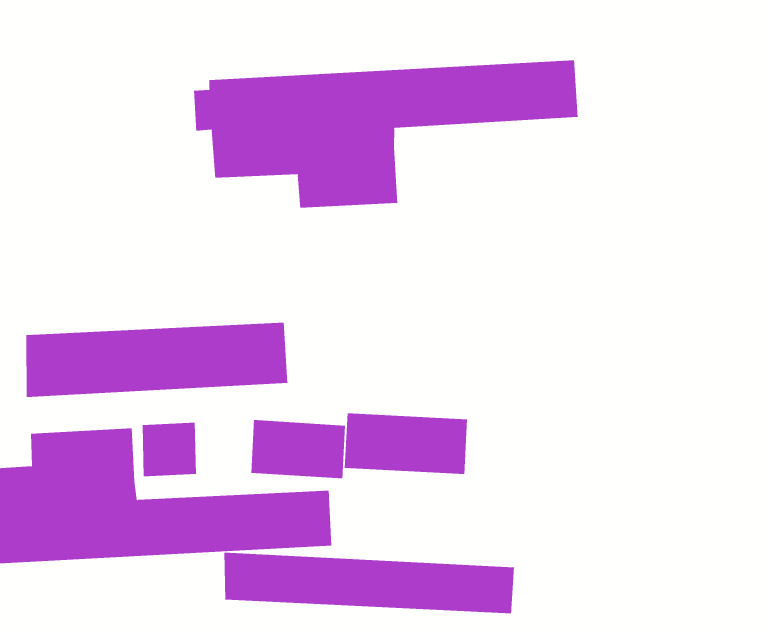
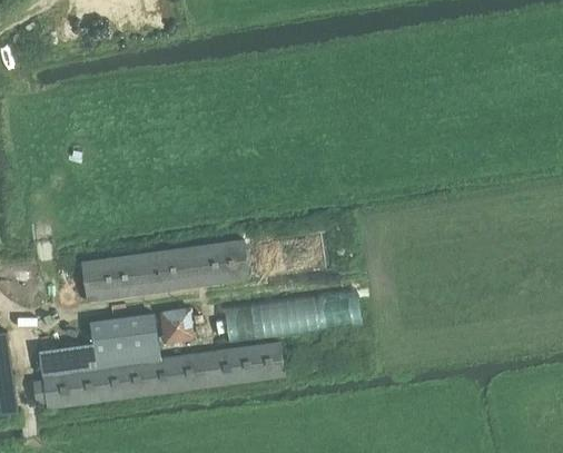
building: [194,60,578,208] -> none
building: [224,552,515,614] -> none

